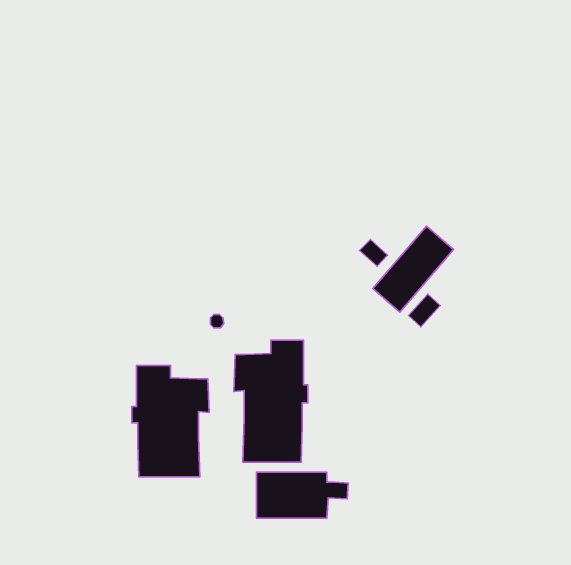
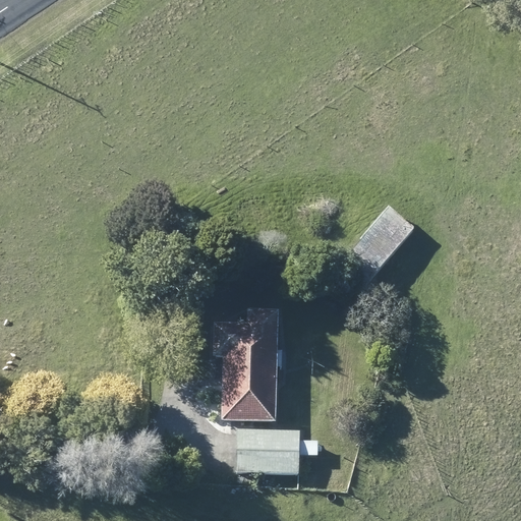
building: [132,366,209,477] -> none

